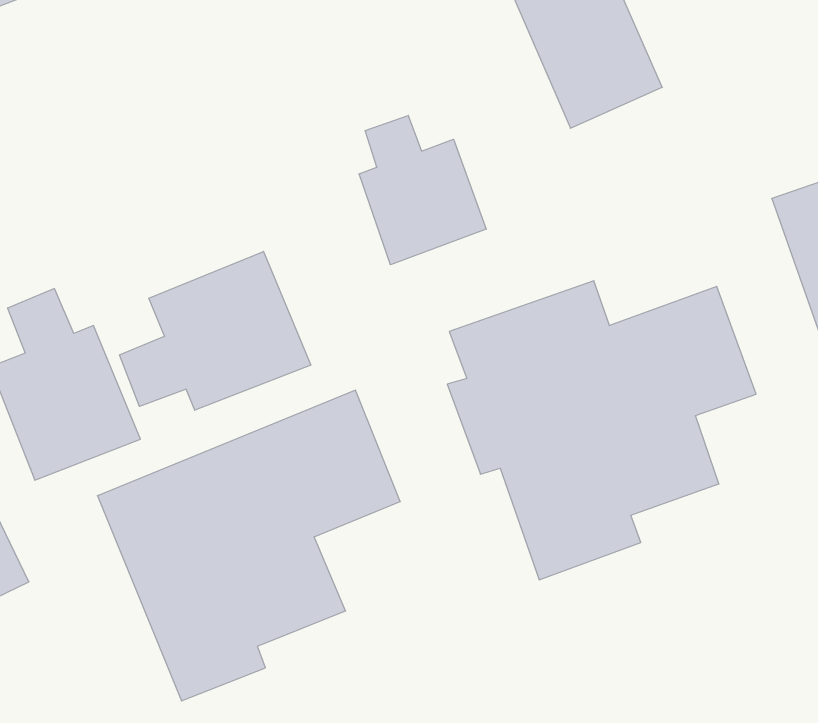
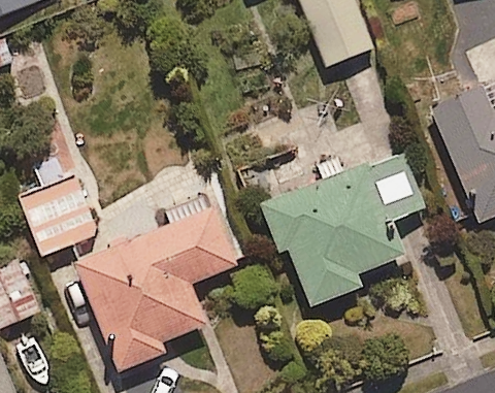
building: [359,115,486,265] -> none
building: [119,251,311,410] -> none

